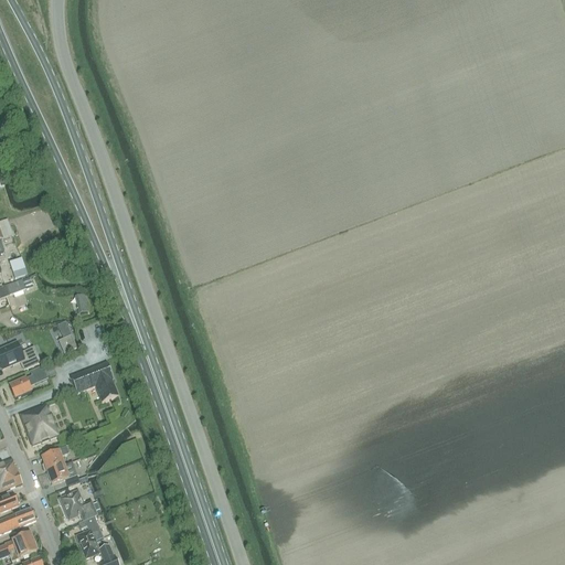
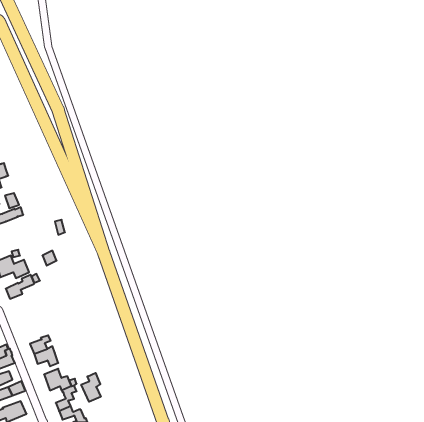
building: [70,361,117,401] -> none
building: [18,402,57,445] -> none
building: none -> [81,373,101,402]

